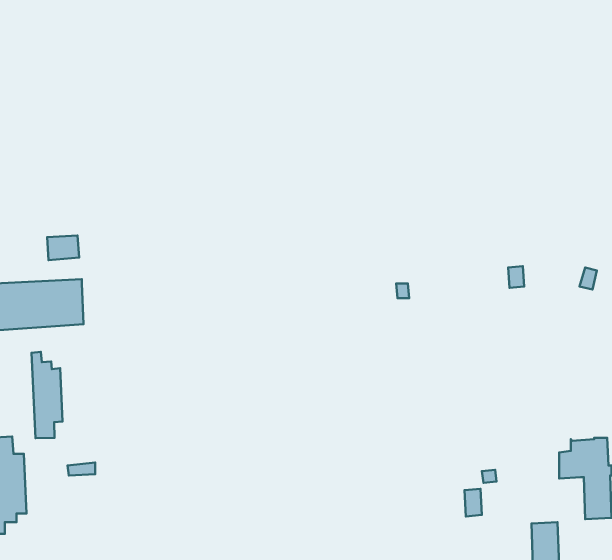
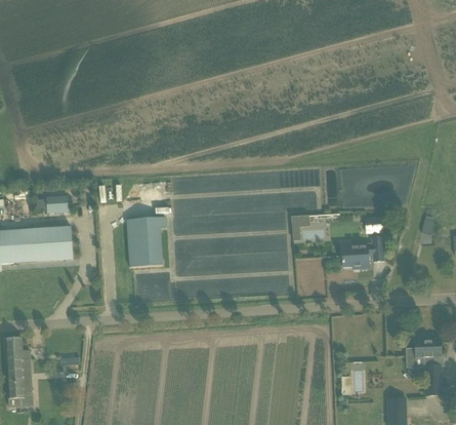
building: none -> [127,217,166,266]
building: none -> [342,237,384,268]
building: [32,352,62,438] -> none

